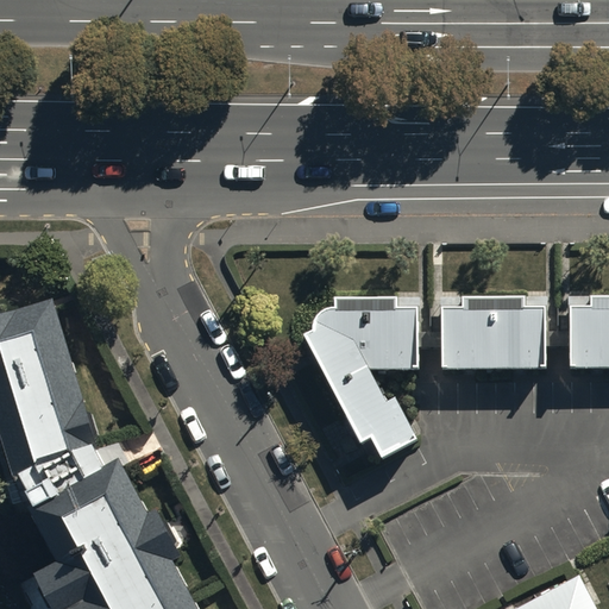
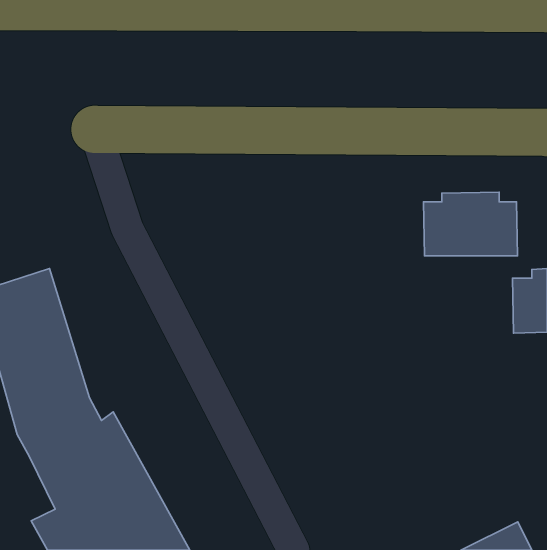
building: [439,299,542,369] -> [424,192,517,256]
building: [302,302,415,458] -> none

